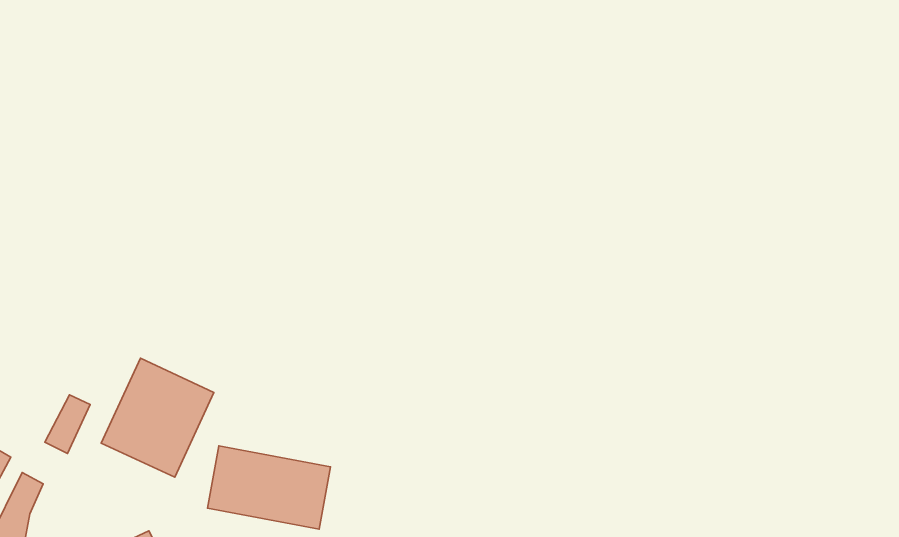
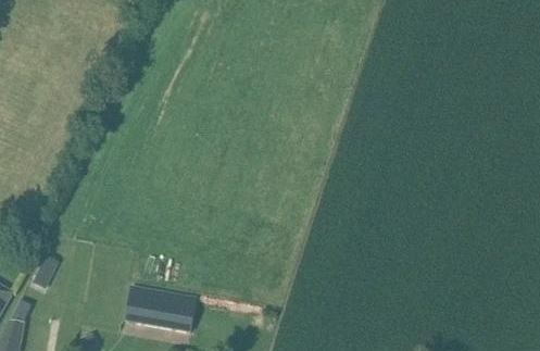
building: [101,358,214,477] -> none

